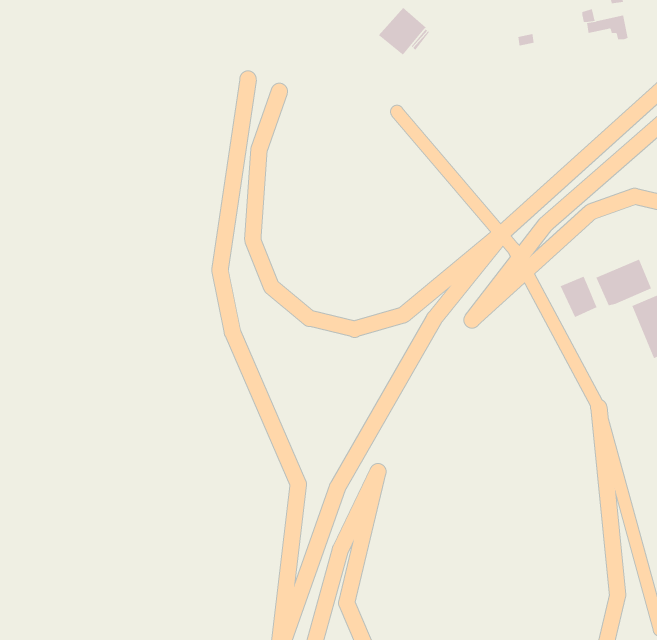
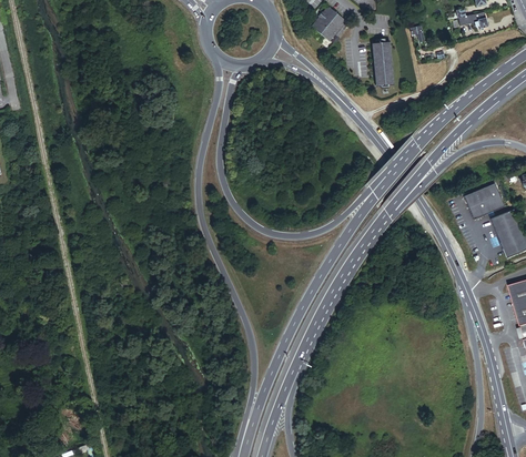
building: none -> [374,42,393,85]
building: [560,276,598,318] -> none

